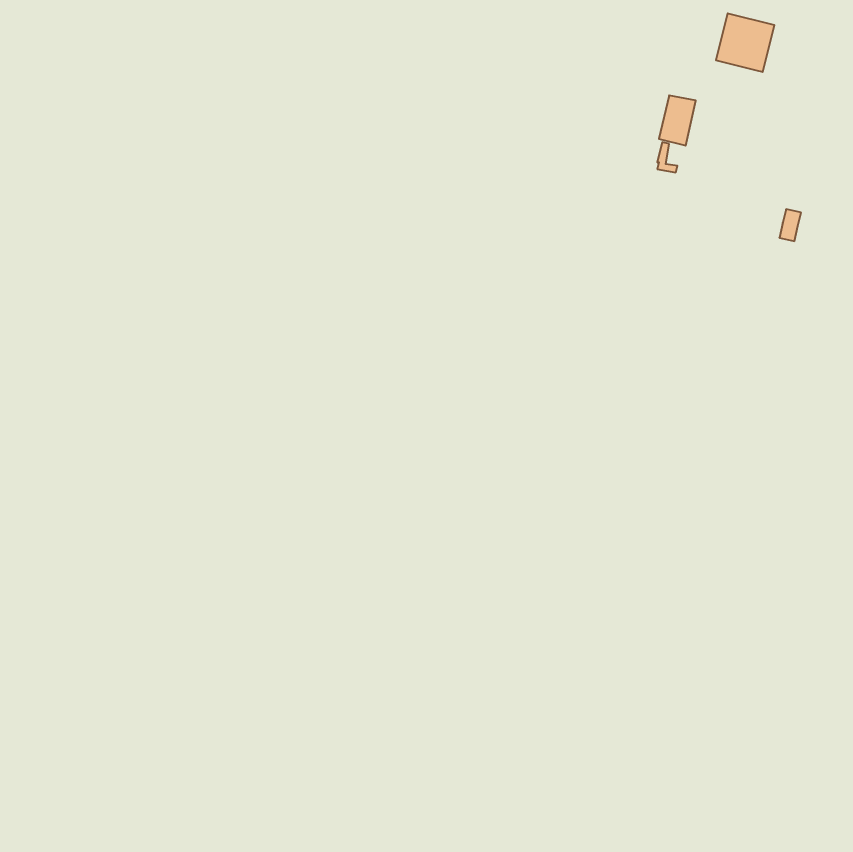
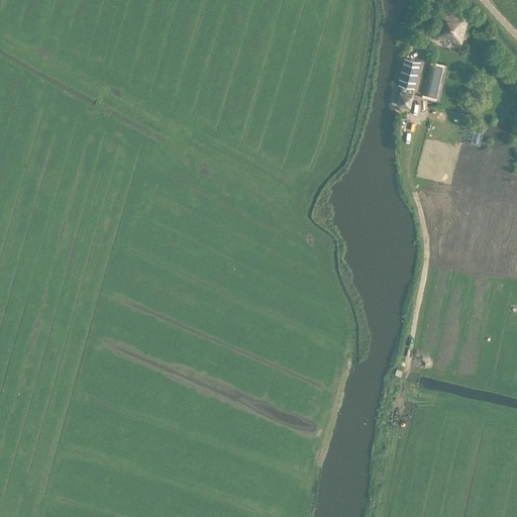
building: none -> [421,66,442,98]

